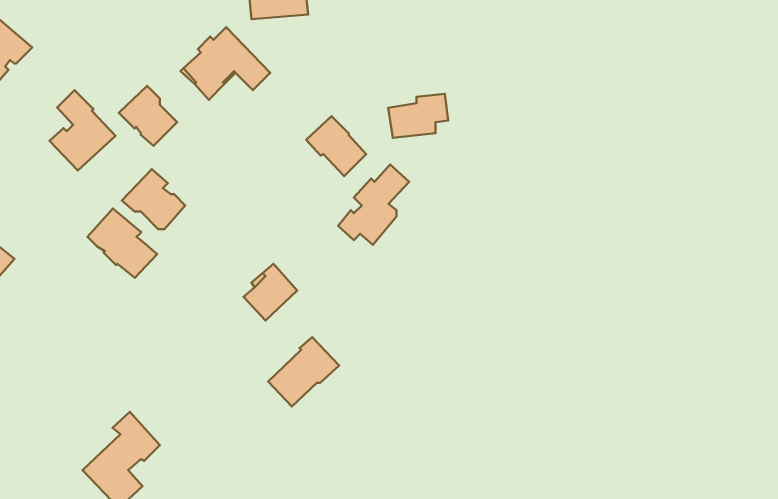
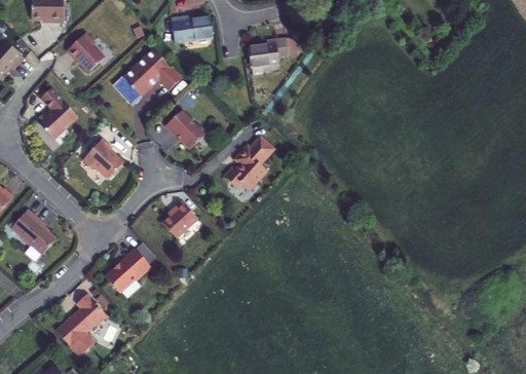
building: [119,86,177,146] -> [67,34,105,73]
building: [388,94,448,138] -> [246,41,285,70]
building: [306,116,366,176] -> [166,110,205,149]
building: [88,209,157,278] -> [12,210,58,255]
building: [268,337,339,407] -> [107,250,153,295]

